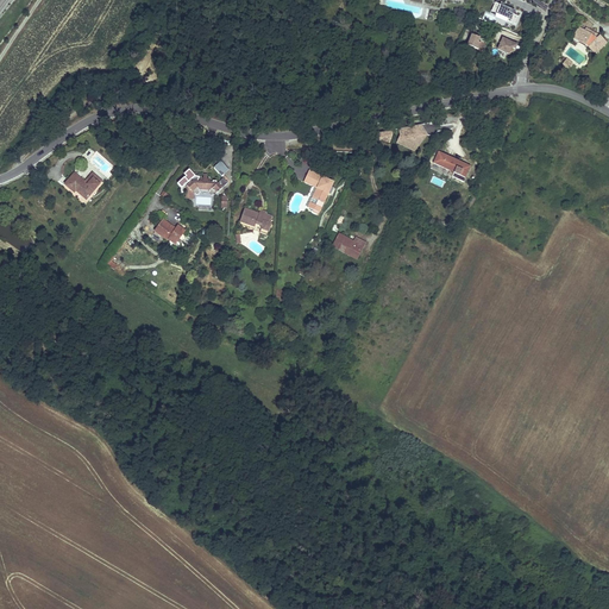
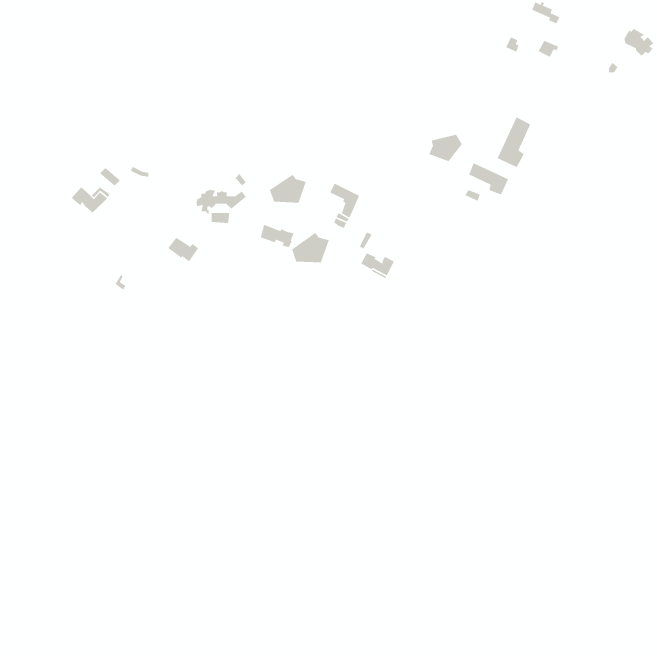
building: none -> [496,116,531,168]
building: none -> [269,174,307,203]
building: none -> [291,232,330,263]

